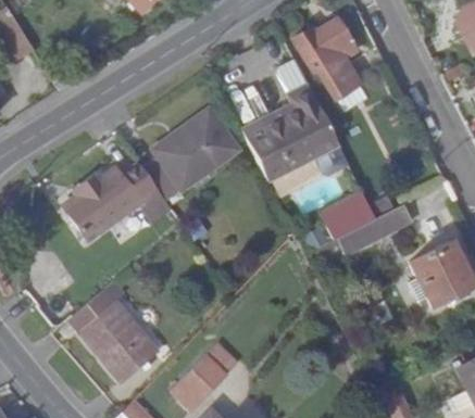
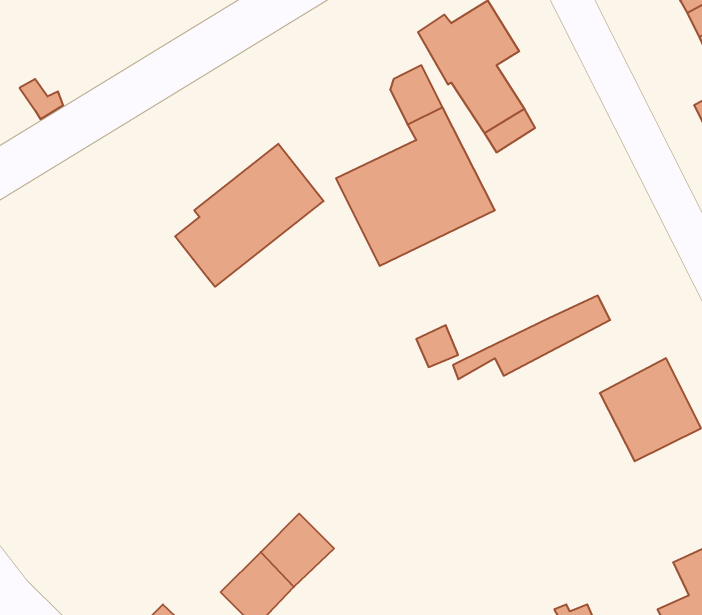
building: [65,164,166,242] -> none
building: [324,189,378,237] -> none
building: [70,289,162,384] -> none

